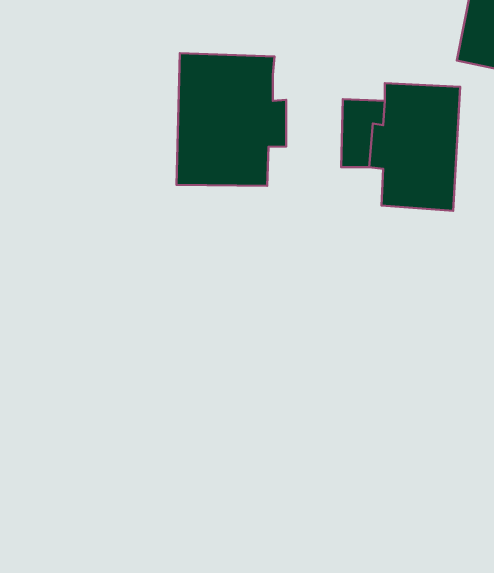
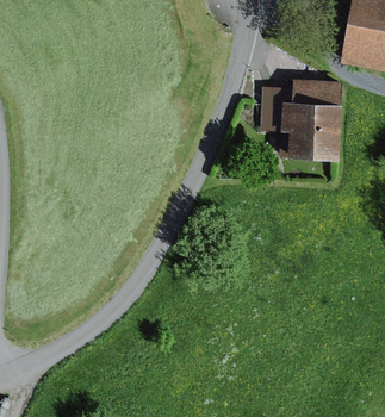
building: [176,53,286,186] -> none

